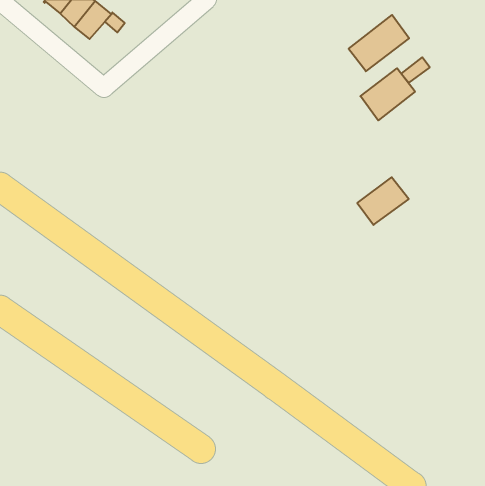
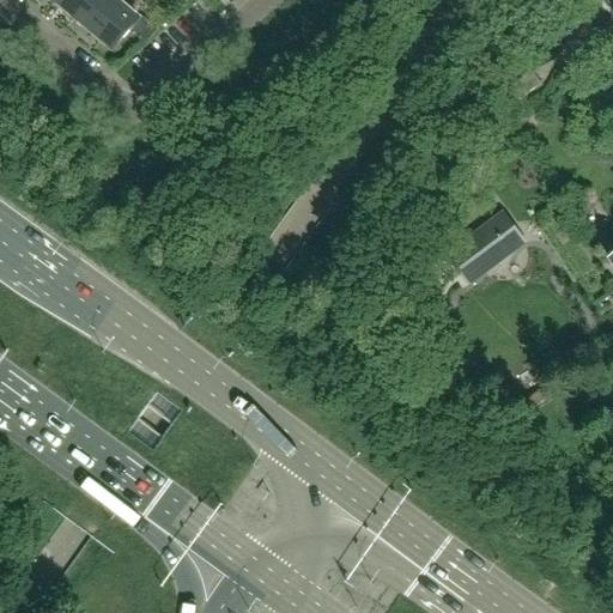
building: [349,15,409,71] -> none
building: [360,68,415,120] -> none

